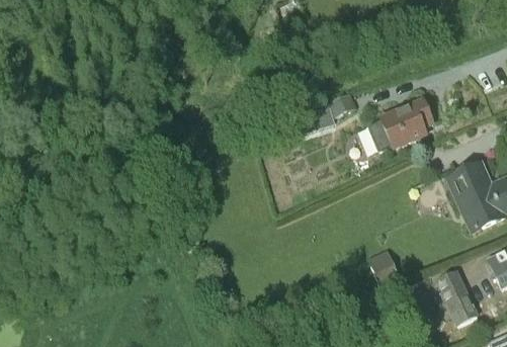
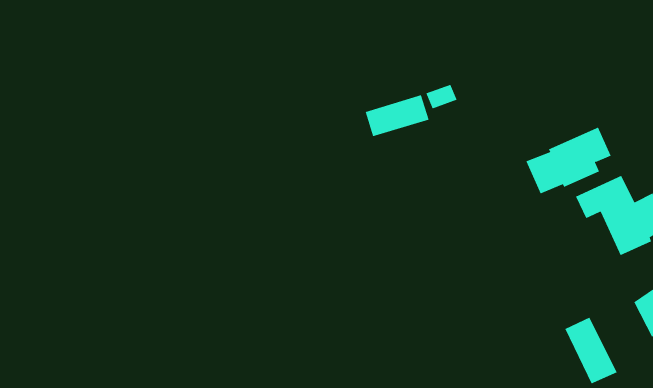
building: [367,99,433,151] -> [526,127,612,194]
building: [368,250,399,284] -> none

